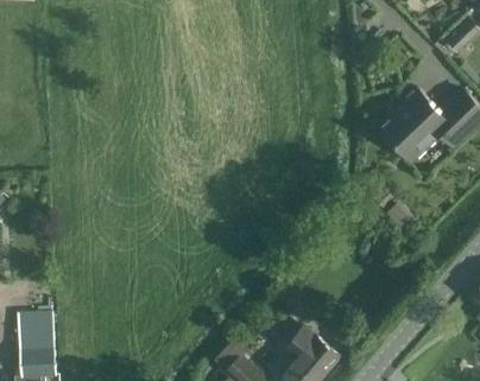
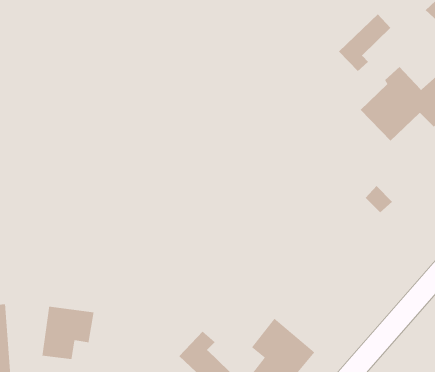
building: none -> [338,13,391,72]
building: none -> [42,306,94,360]

